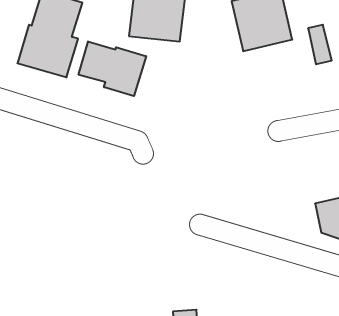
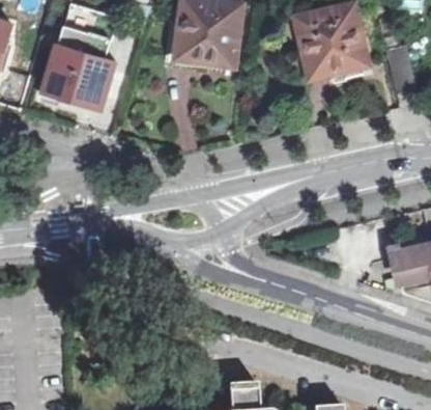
building: [79,41,146,96] -> none

